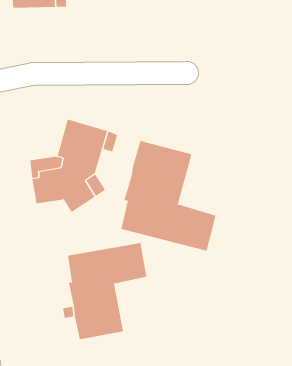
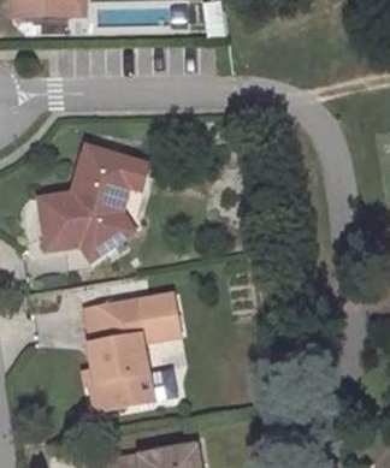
building: [121,140,216,252] -> none

